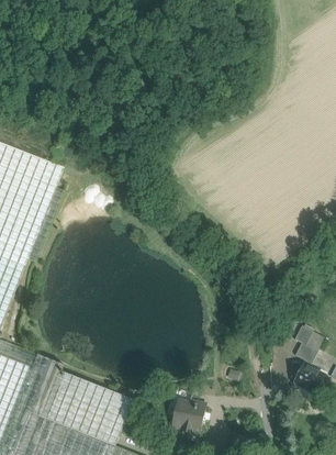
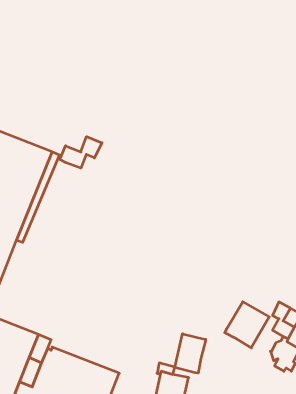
building: none -> [60,137,102,168]
building: none -> [225,302,269,348]
building: none -> [175,334,206,373]

